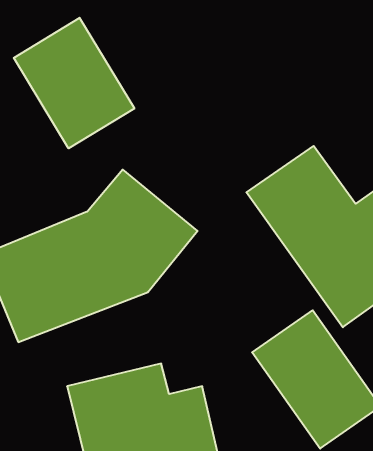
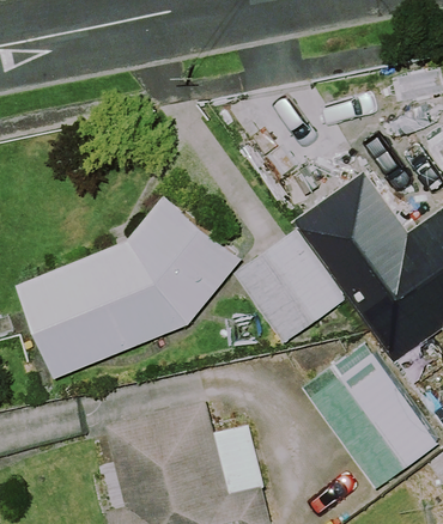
building: [14,18,134,148] -> none
building: none -> [232,231,342,343]

